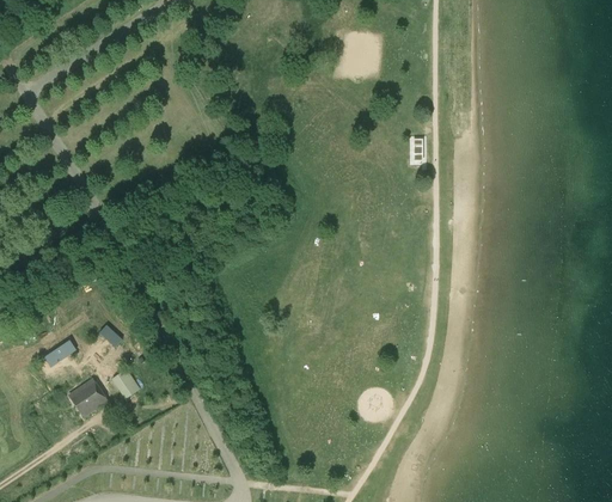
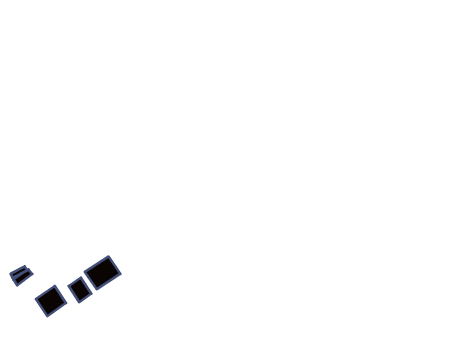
building: none -> [85,257,120,289]

